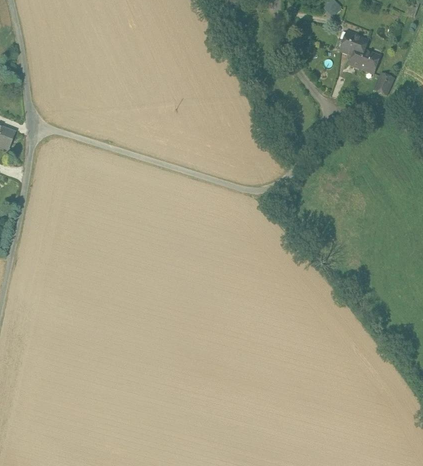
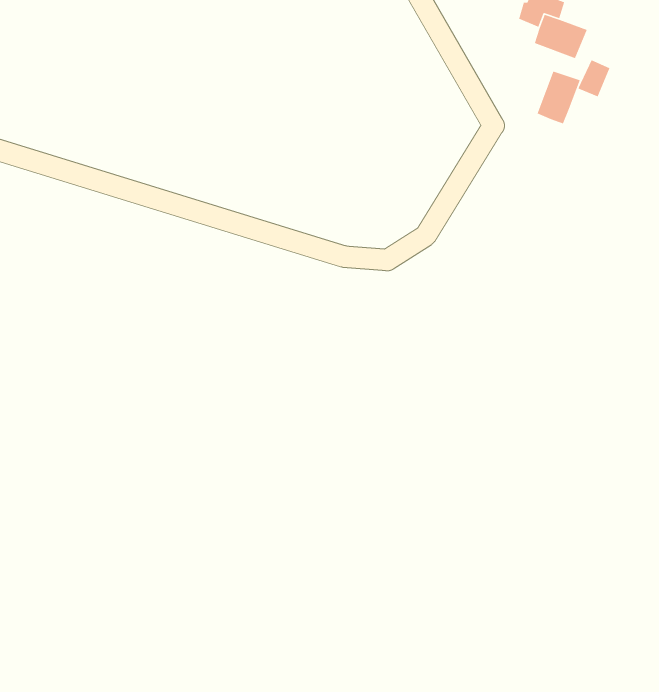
building: none -> [537,70,581,125]

